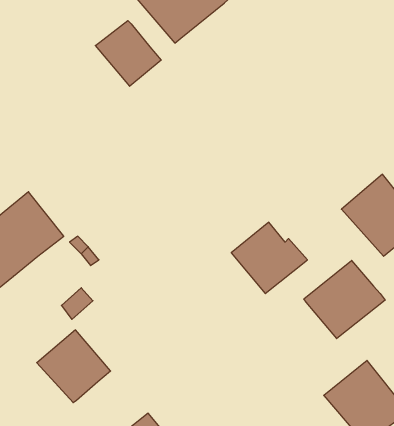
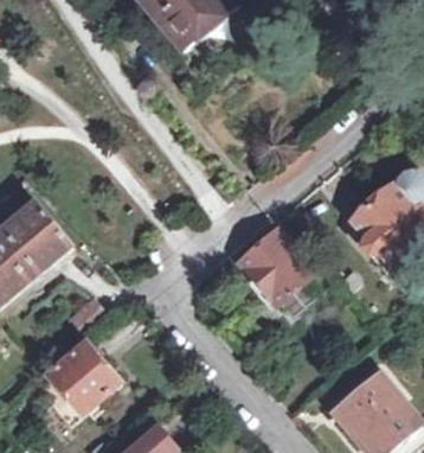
building: [95,21,161,86] -> none
building: [304,260,385,339] -> none

